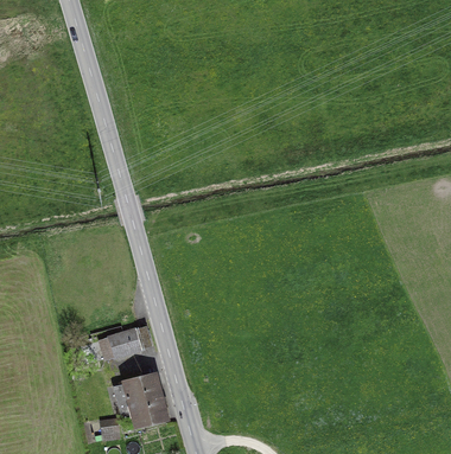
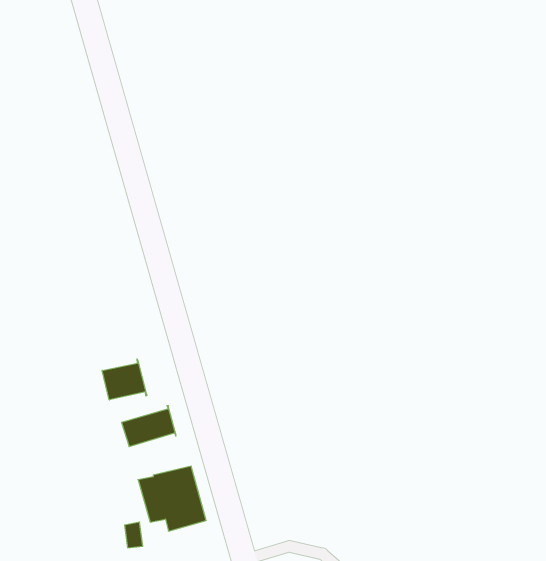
building: none -> [102,359,147,400]

